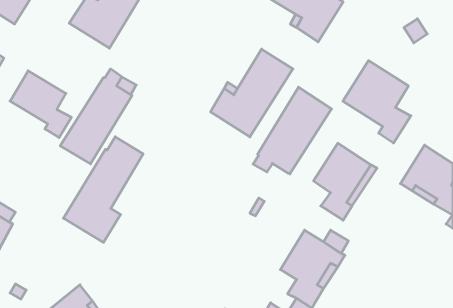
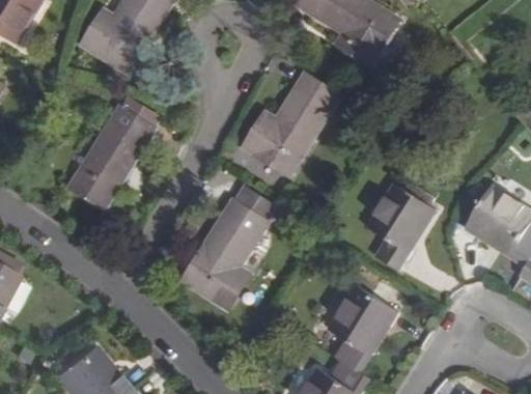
building: [343,61,411,143] -> none
building: [10,71,71,138] -> none
building: [253,87,332,174] -> none
building: [63,137,143,242] -> [183,185,275,307]

